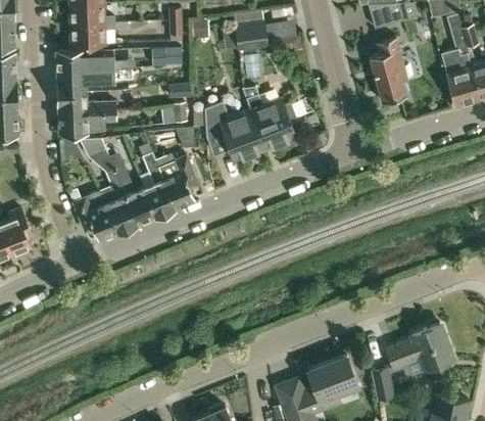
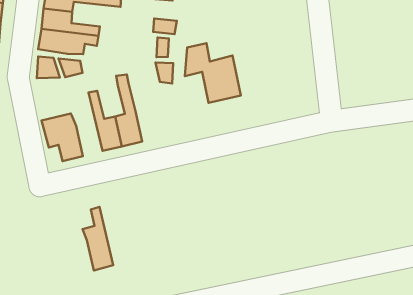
building: [369,38,413,103] -> none
building: [245,94,296,148] -> none
building: [163,156,197,208] -> none
building: [101,169,137,232] -> [82,207,113,270]

